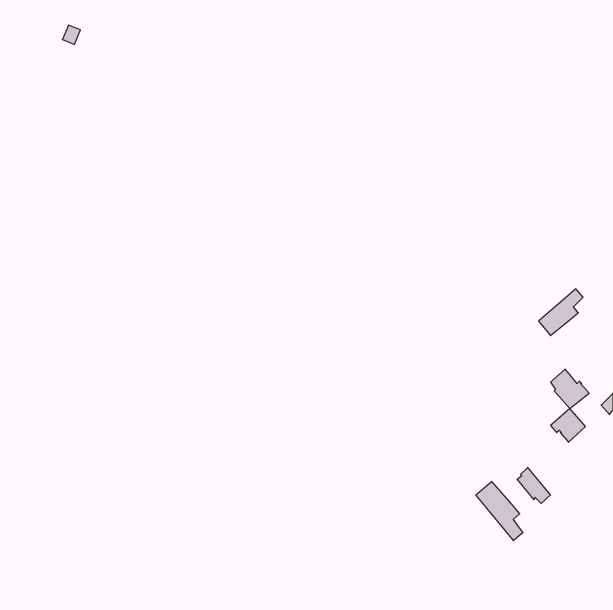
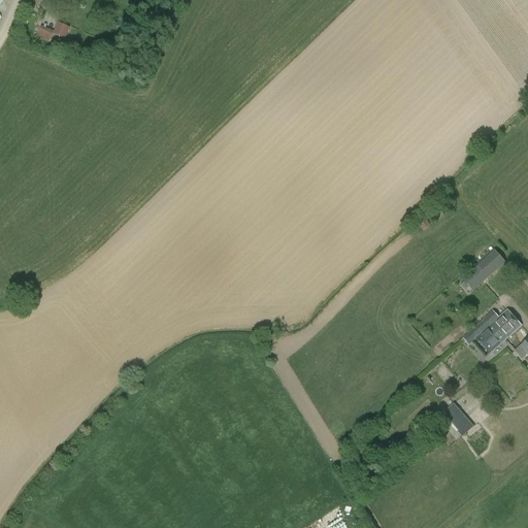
building: [551,409,585,442] -> [491,309,521,338]
building: [476,481,523,541] -> none

